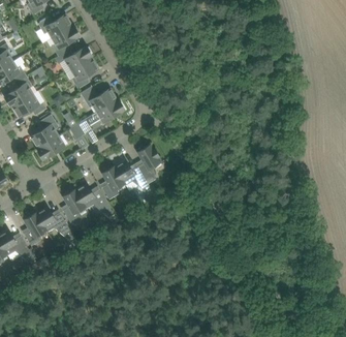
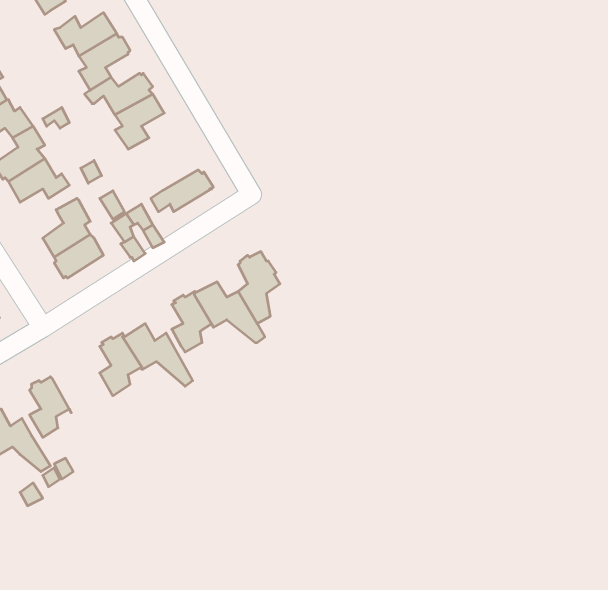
building: [81,86,117,112] -> none
building: [37,208,74,241] -> none

